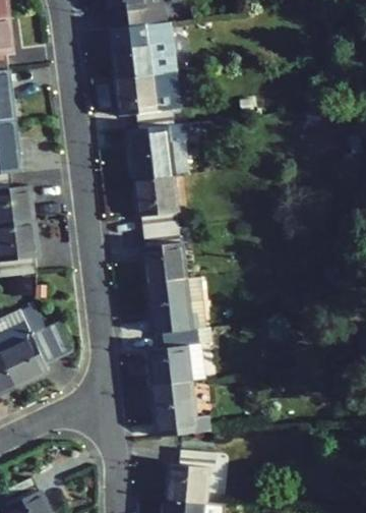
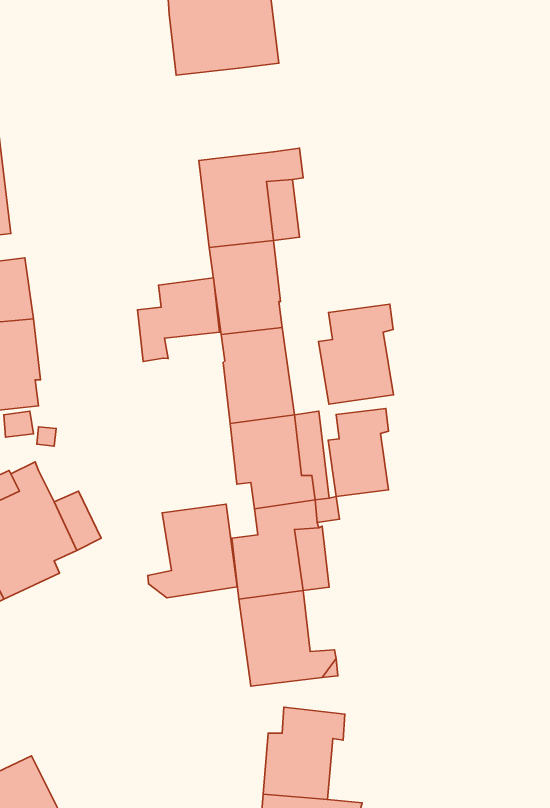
building: [116,72,180,128] -> none
building: none -> [138,278,220,361]
building: none -> [319,304,393,404]
building: none -> [328,409,389,496]
building: none -> [148,504,237,598]

